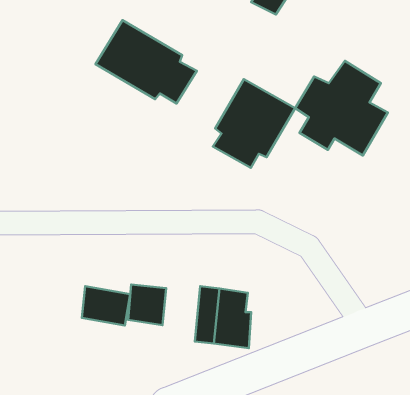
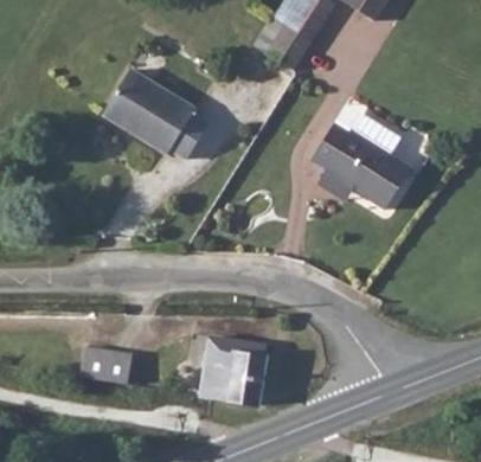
building: [213,79,295,168] -> none
building: [128,285,166,325] -> none

